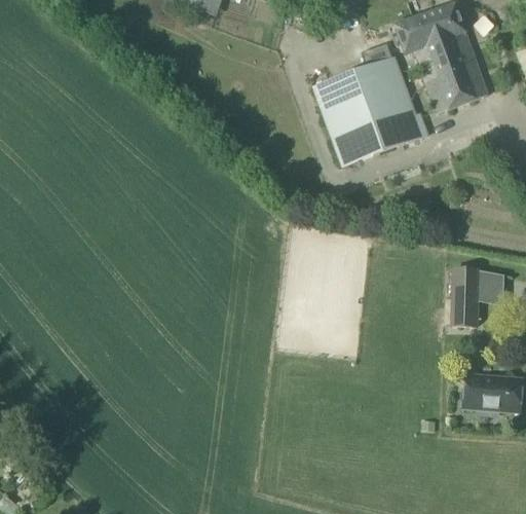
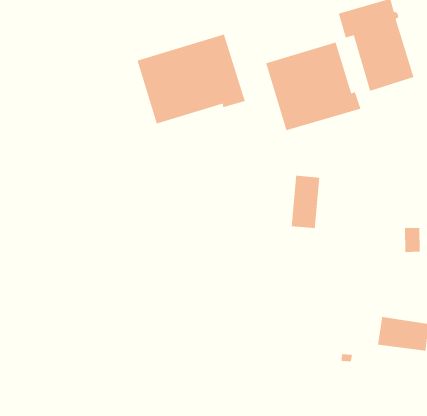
building: none -> [137,33,246,125]
building: [449,265,480,327] -> [291,175,320,229]

